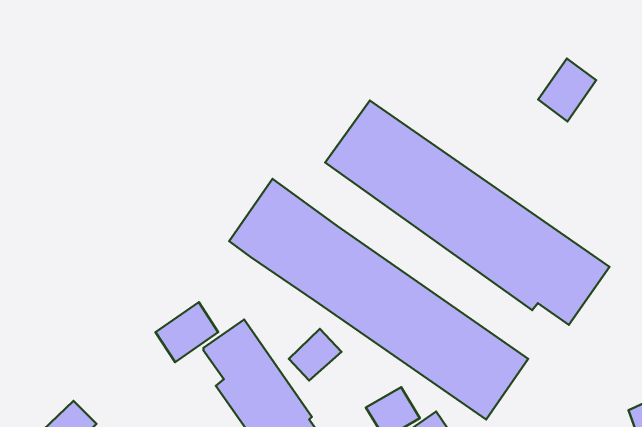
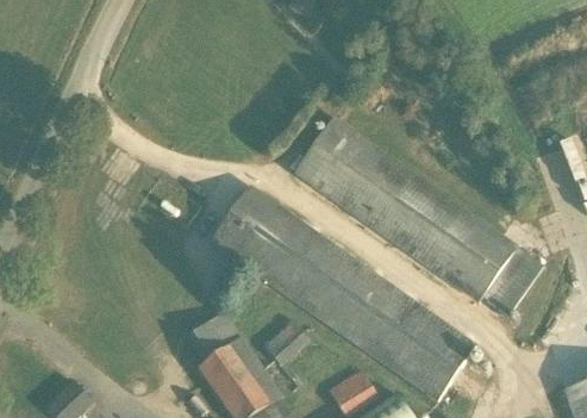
building: [538,58,596,121] -> none
building: [156,302,218,362] -> none

